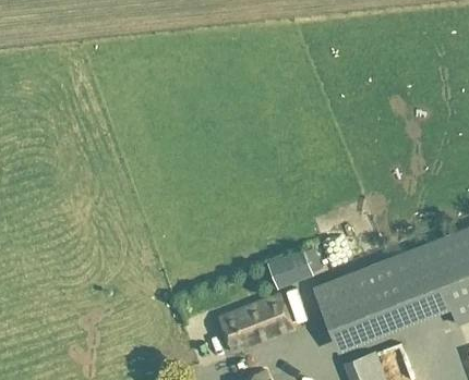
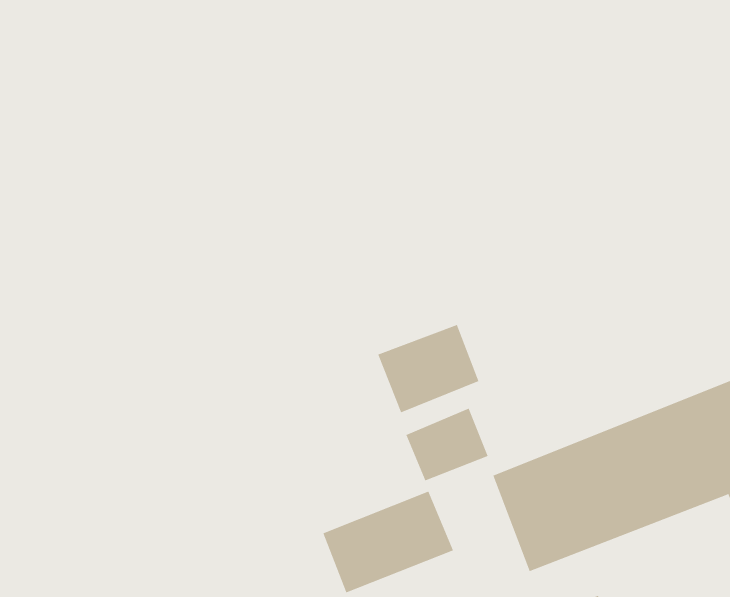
building: none -> [377,324,479,413]

